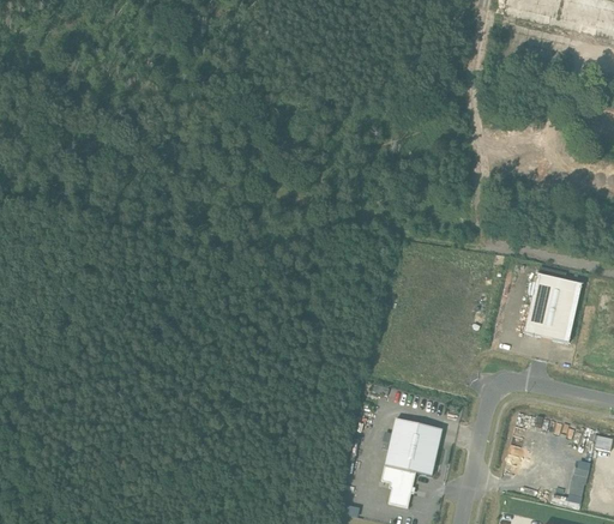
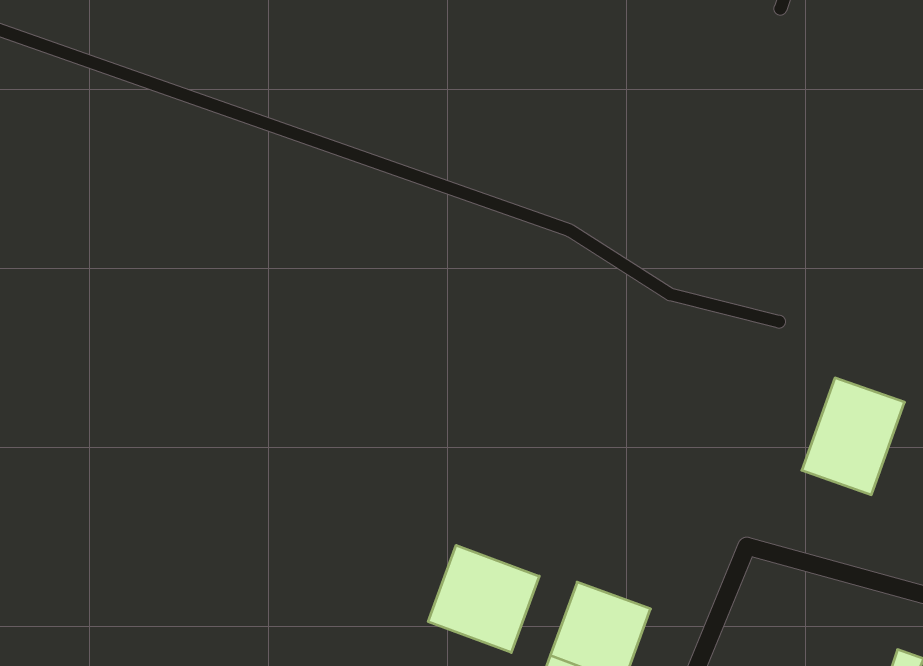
building: none -> [428,545,539,653]

